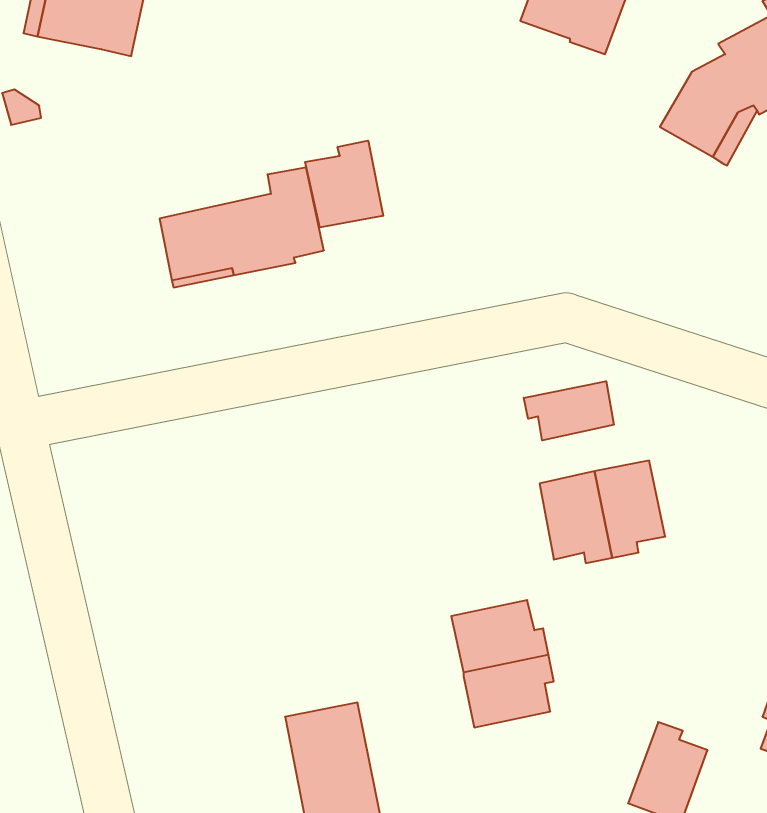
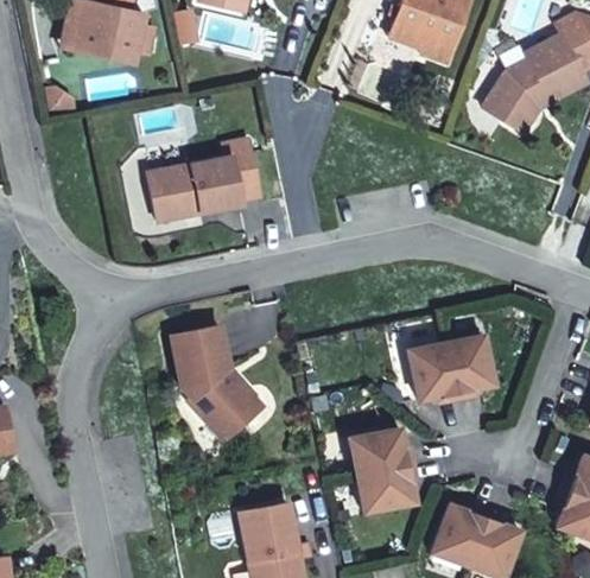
building: [305,141,383,228] -> none
building: [524,381,614,440] -> none
building: none -> [175,324,256,442]
building: none -> [431,503,487,565]

